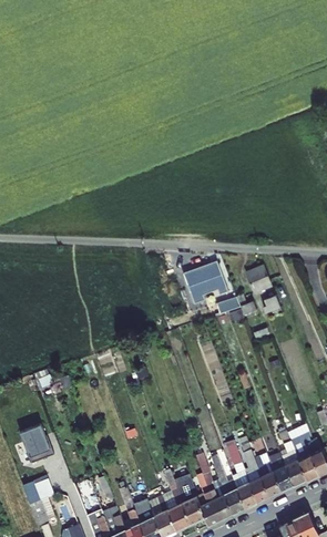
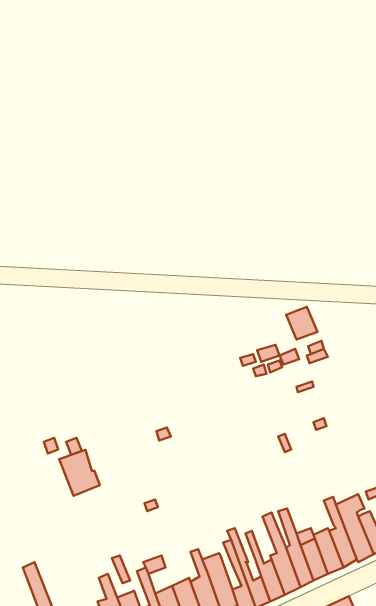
building: [184,262,229,306] -> none
building: [20,426,54,465] -> [59,450,100,496]

